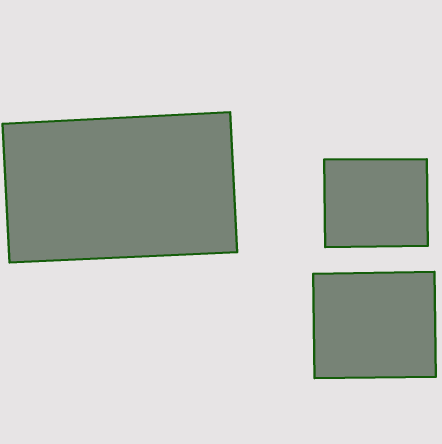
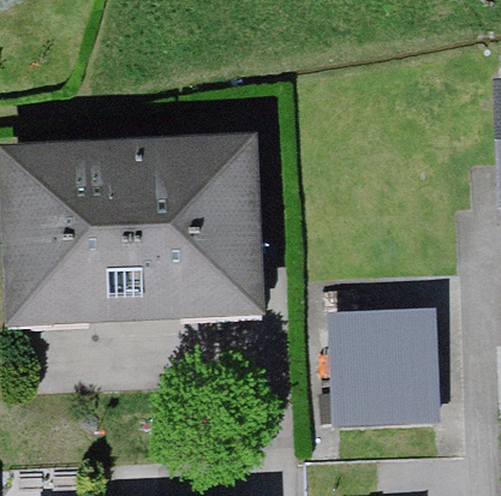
building: [324,159,428,247] -> none

